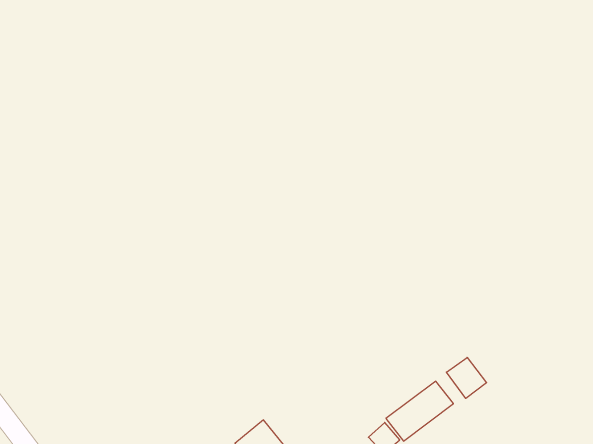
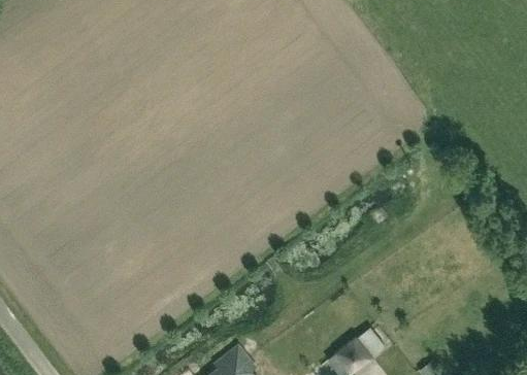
building: [446,357,487,398] -> none

